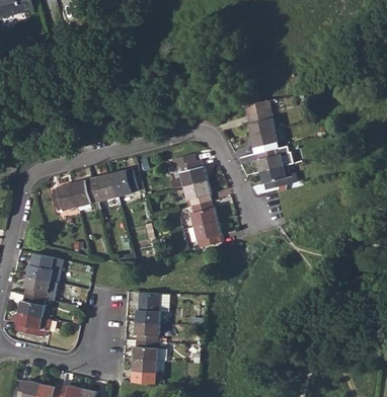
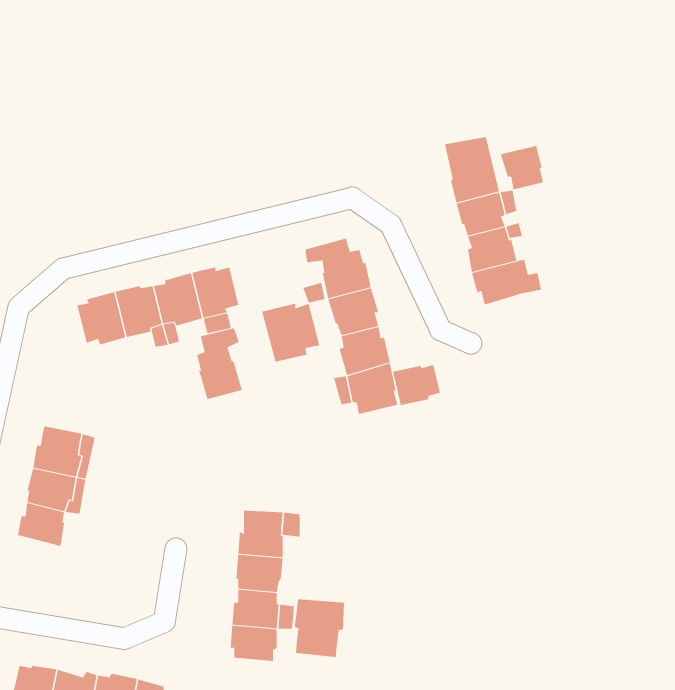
building: none -> [500,145,543,190]
building: none -> [262,303,320,363]
building: none -> [197,327,243,400]
building: none -> [392,364,440,406]
building: [16,311,46,336] -> none
building: none -> [294,598,345,658]

